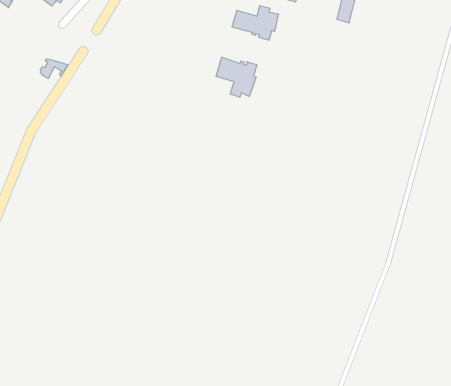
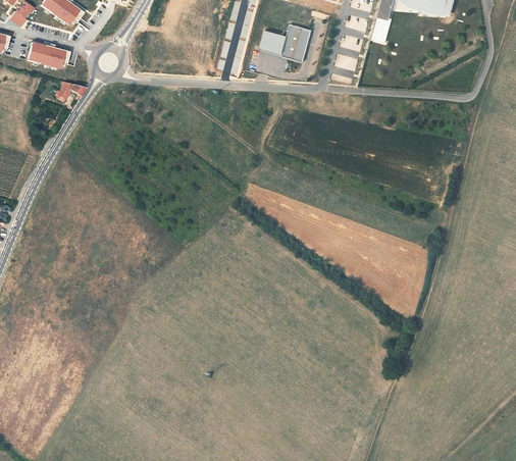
building: none -> [27,43,68,68]
building: [216,57,257,97] -> none

